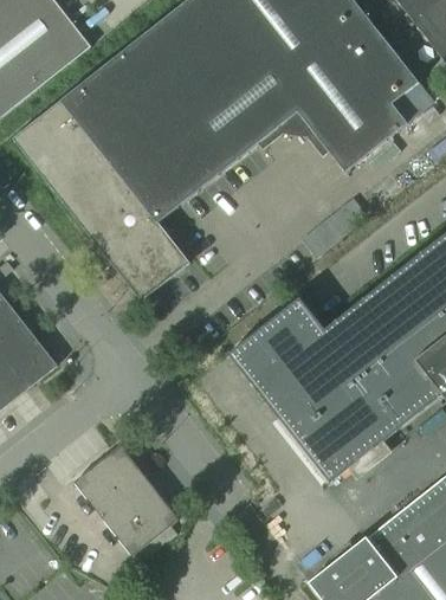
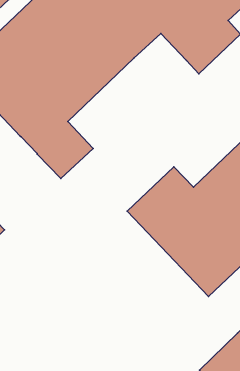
building: [76,446,179,555] -> none

